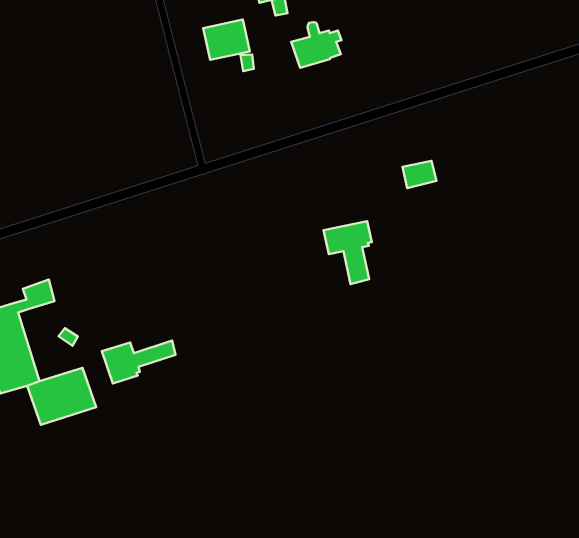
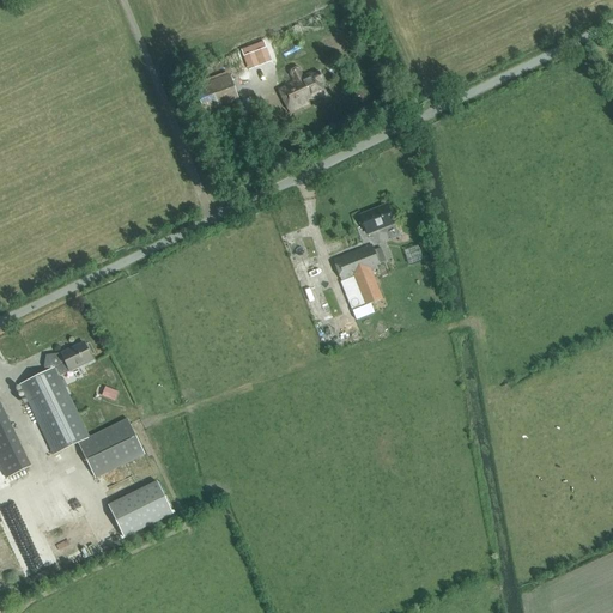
building: [402,161,436,188] -> [359,204,393,232]
building: [102,340,176,384] -> none
building: none -> [107,480,171,536]

